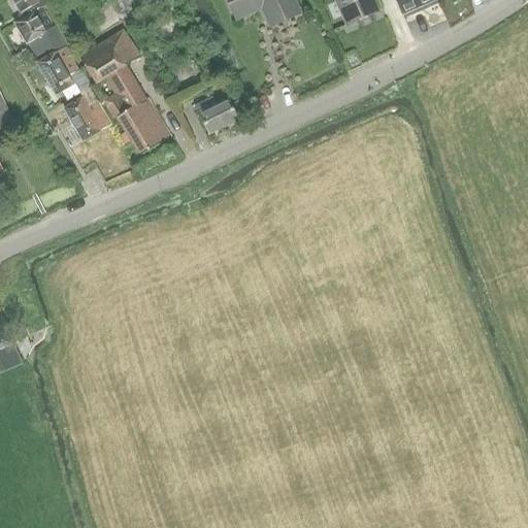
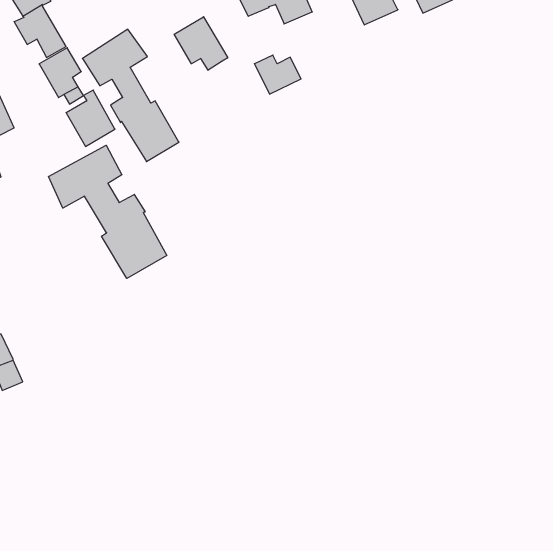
building: none -> [174,17,228,70]
building: [194,95,238,132] -> [254,55,301,94]
building: none -> [49,145,167,278]

